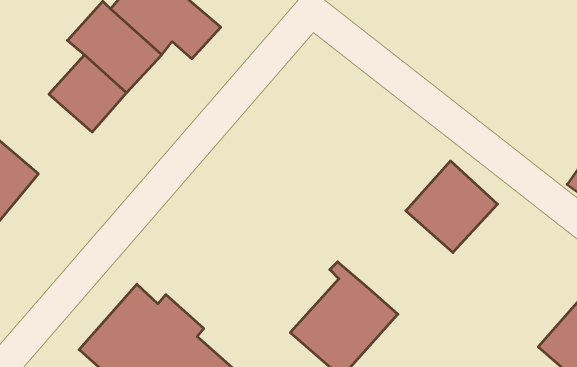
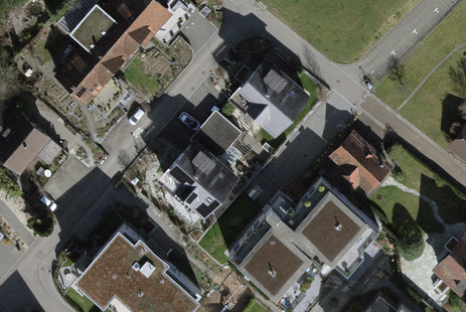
building: none -> [229,61,311,142]
building: none -> [163,116,243,225]
building: none -> [296,184,373,262]

